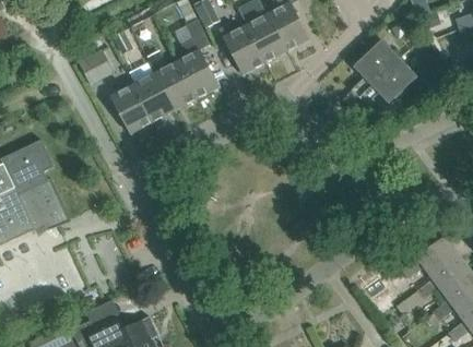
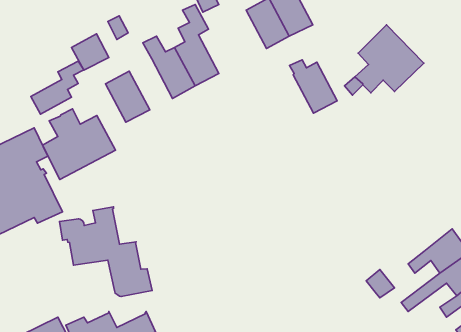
building: [220,23,265,74] -> [290,60,337,113]
building: [133,72,175,121] -> none
building: none -> [31,61,84,114]
building: none -> [42,109,115,180]
building: none -> [59,207,152,296]

